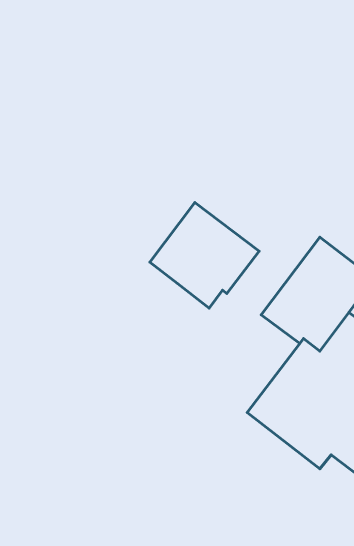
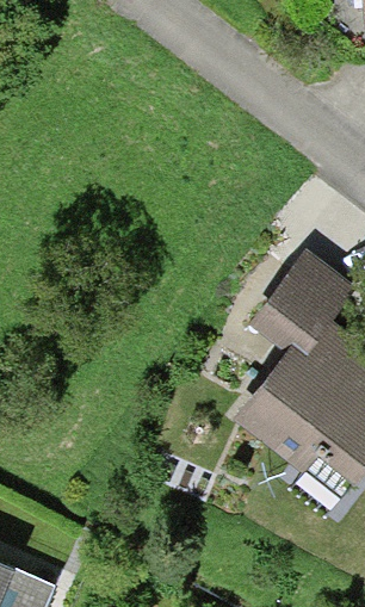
building: [150,202,259,308] -> none

